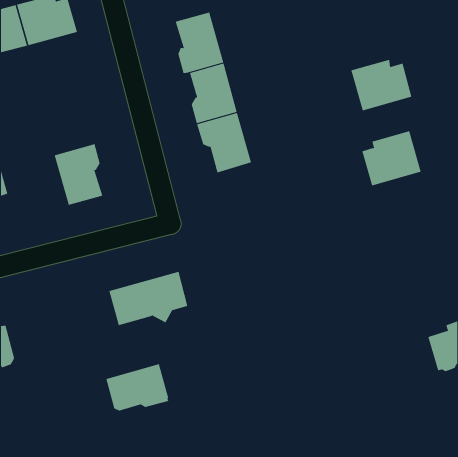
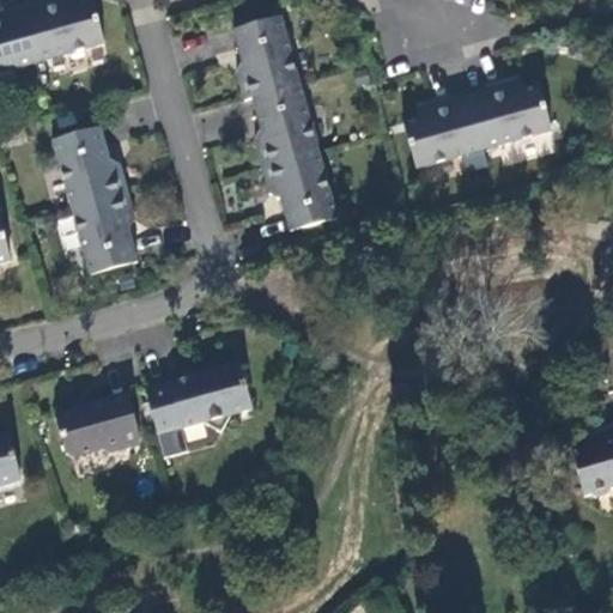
building: none -> [54,126,127,207]
building: [362,131,422,186] -> [403,93,484,168]
building: [106,364,169,411] -> [55,393,140,456]

